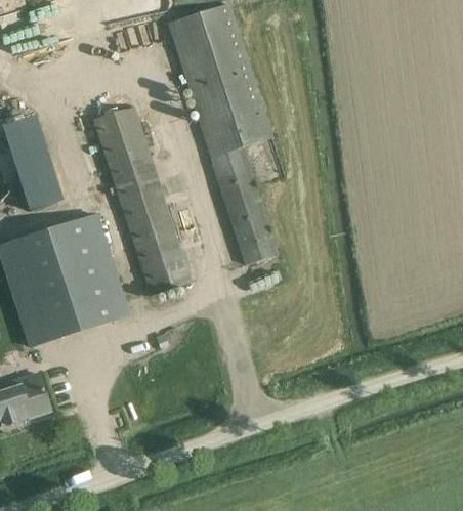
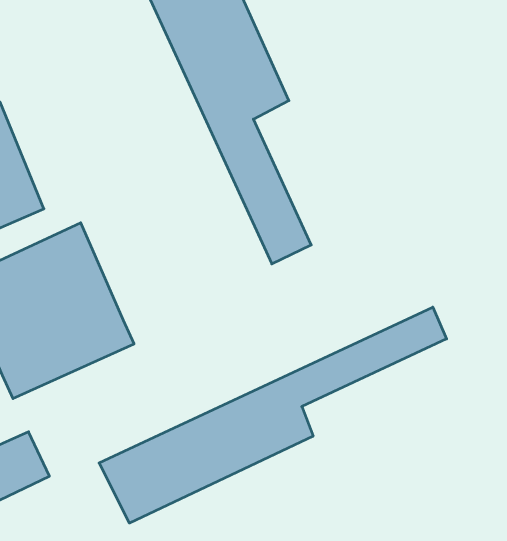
building: [92,104,193,294] -> none
building: none -> [99,307,447,523]

